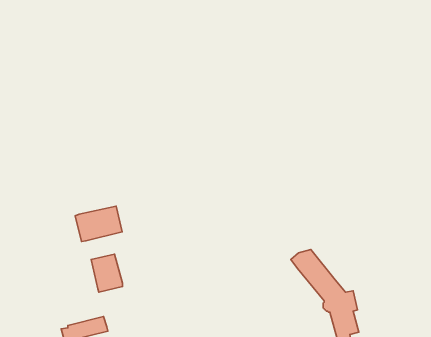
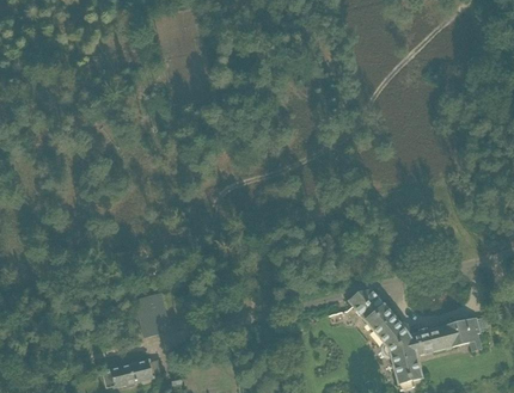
building: [75,206,122,241] -> none
building: none -> [416,317,488,354]

